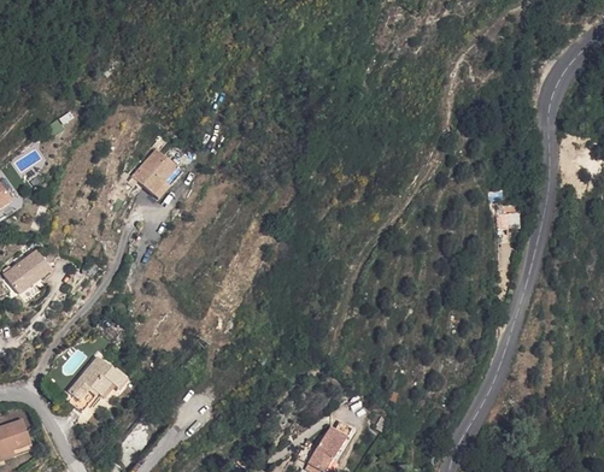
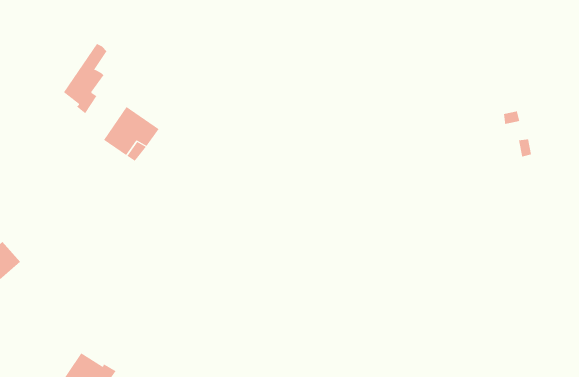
building: none -> [63,43,107,114]

